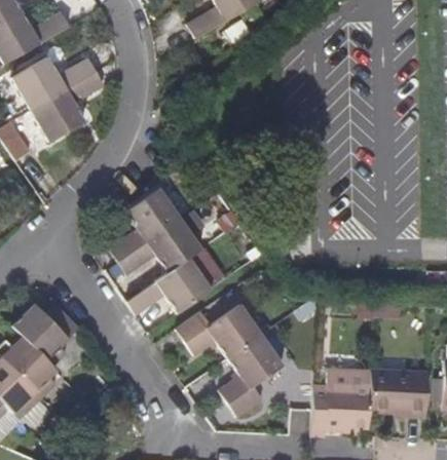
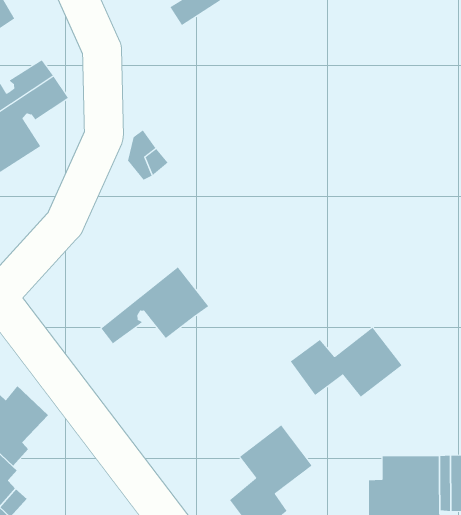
building: [112,187,182,261] -> none
building: [128,256,214,314] -> none
building: [169,310,253,362] -> [290,327,402,398]

